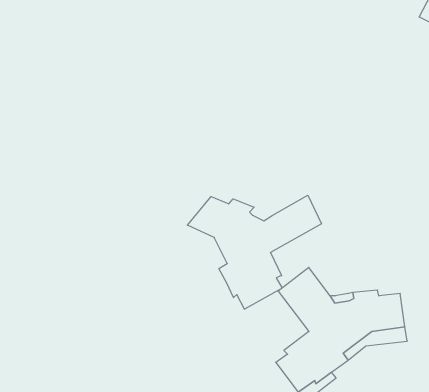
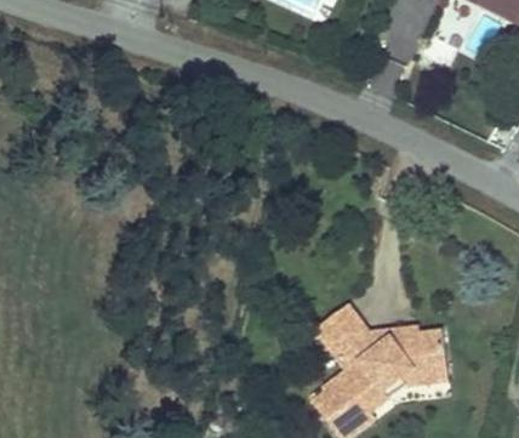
building: [187,195,321,309] -> none

